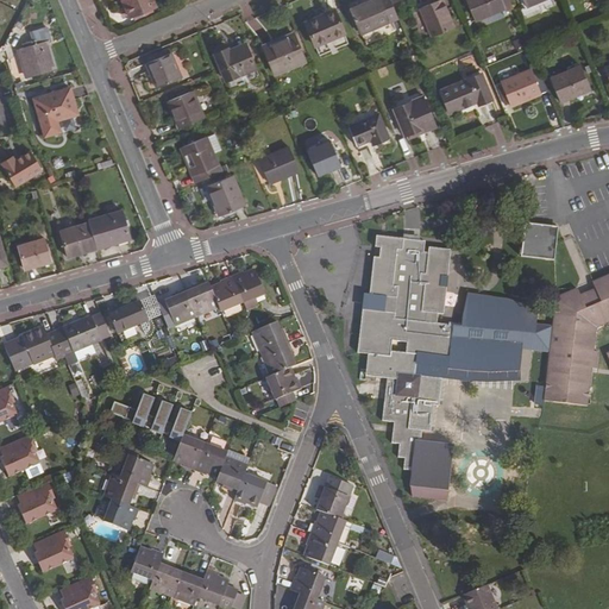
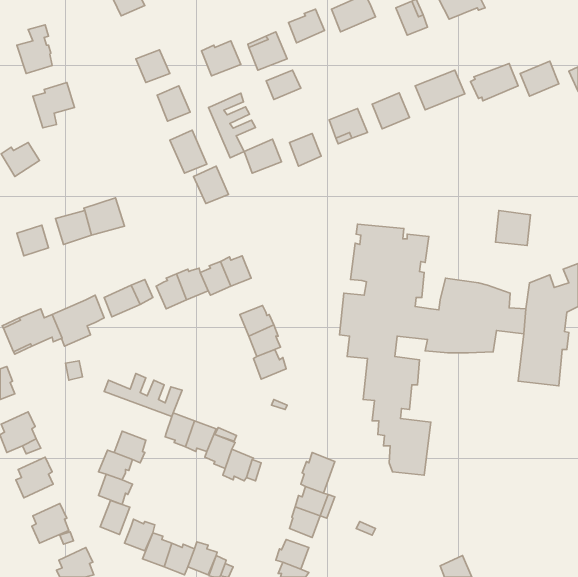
building: none -> [266,70,301,99]
building: none -> [208,93,256,158]
building: none -> [100,501,130,534]

